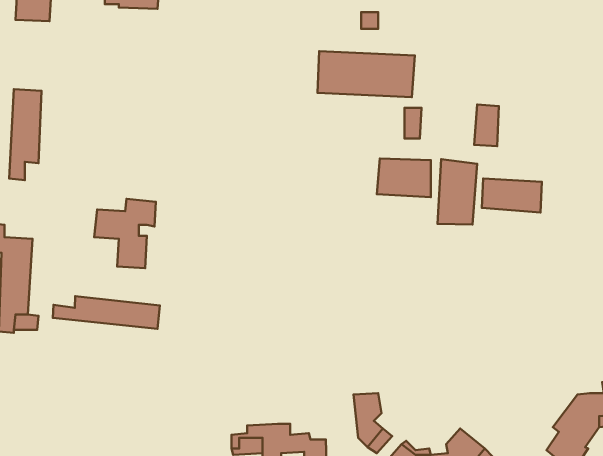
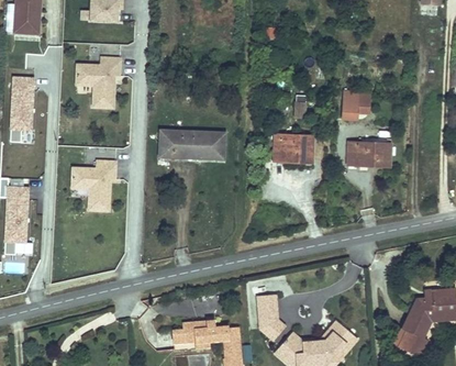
building: [318,51,415,97] -> [158,129,227,162]
building: none -> [76,57,121,107]
building: [437,159,477,225] -> none
building: [53,296,160,329] -> none

